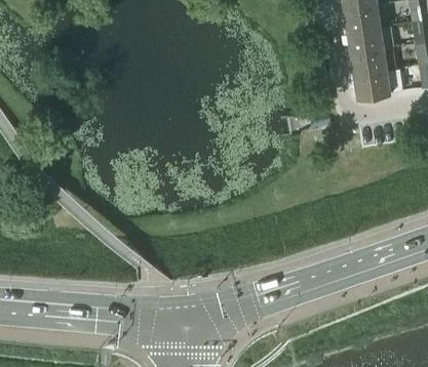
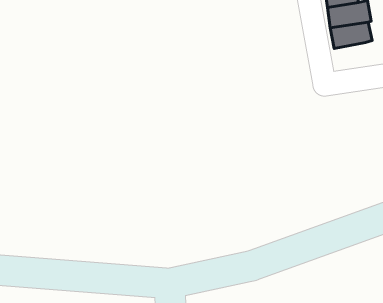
building: [356,82,392,111] -> none

